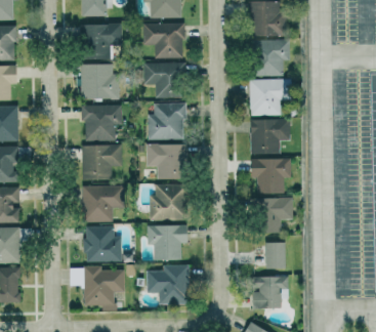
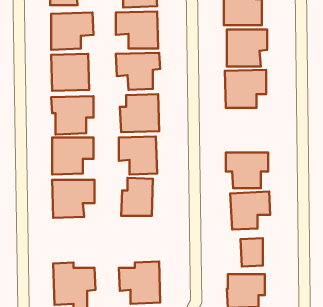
building: [249,119,290,155] -> none
building: [83,225,121,262] -> none
building: [147,225,186,260] -> none

